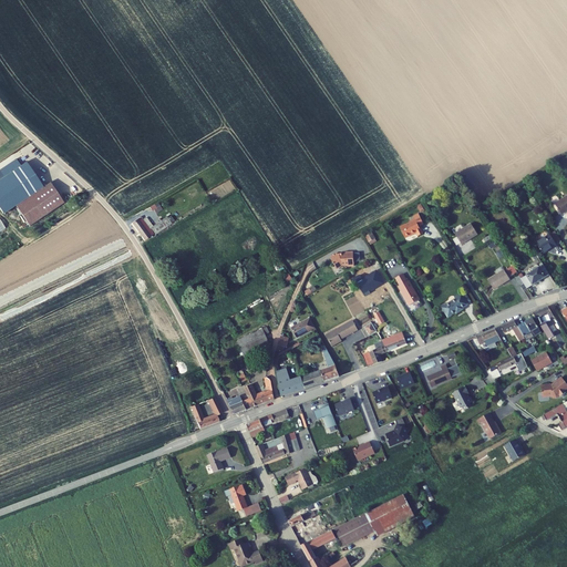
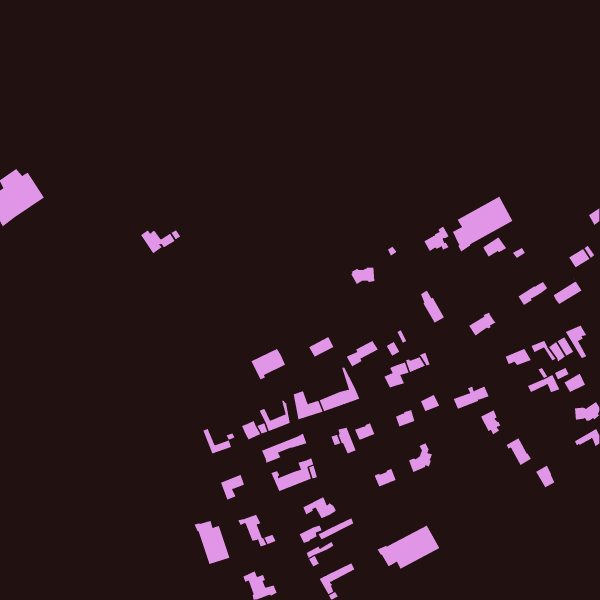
building: [14,182,64,226] -> none
building: none -> [452,196,513,252]
building: none -> [194,520,230,565]
building: [333,517,365,546] -> none

